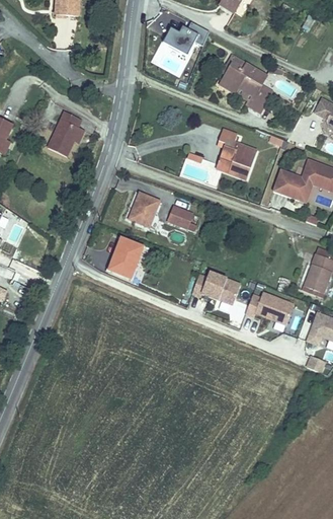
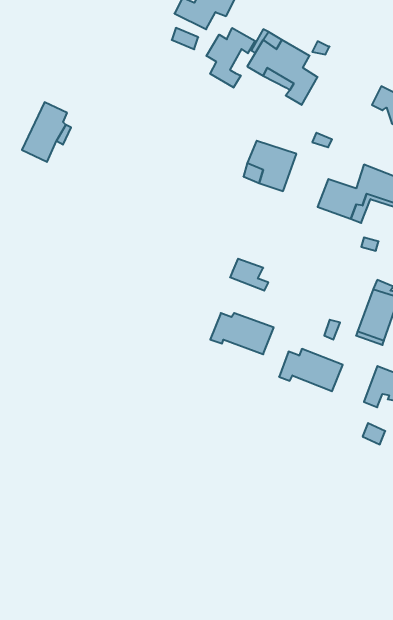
building: none -> [206,28,255,88]
building: [129,192,159,226] -> none
building: [167,206,196,230] -> [230,259,268,291]
building: [108,238,142,278] -> none

